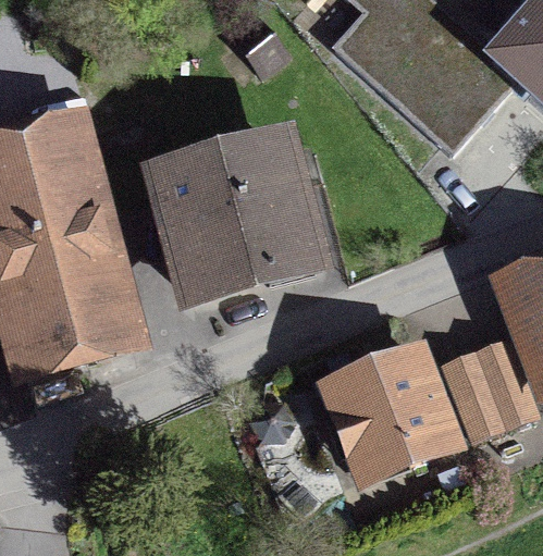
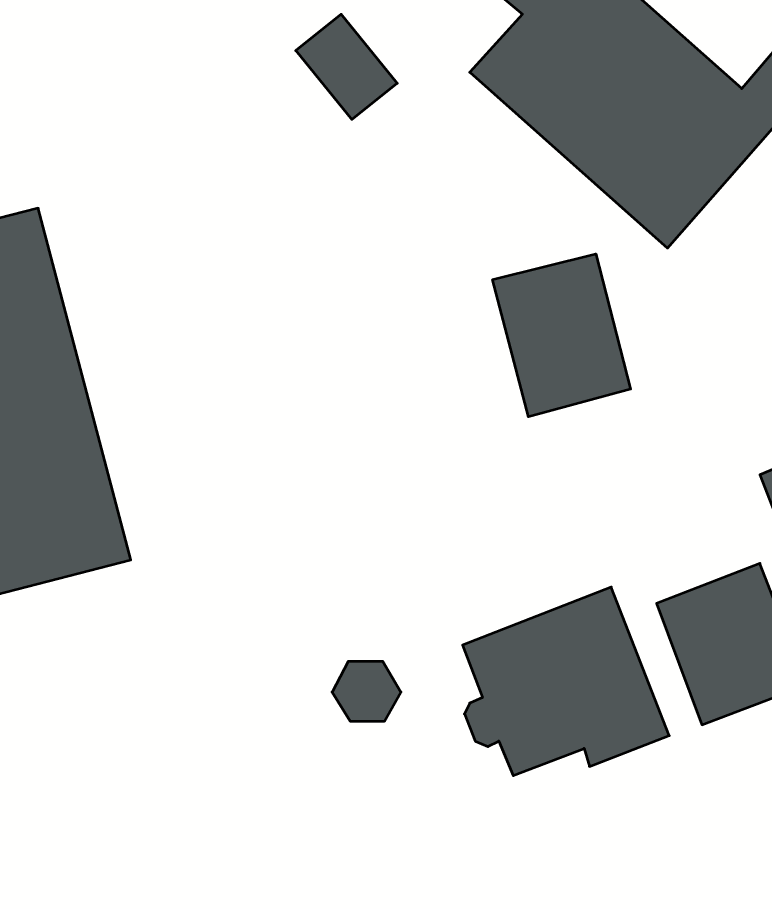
building: [160,146,312,294] -> none
building: none -> [493,254,631,417]

